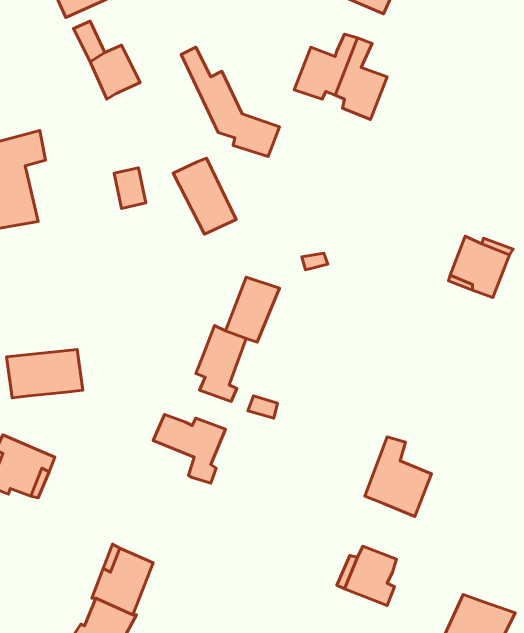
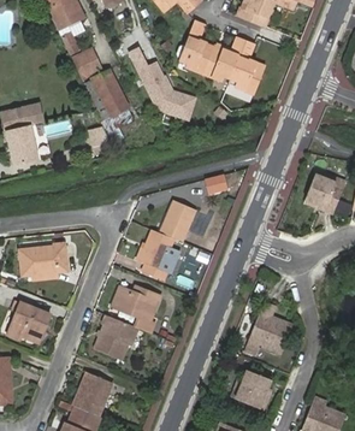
building: none -> [182,23,215,76]
building: [173,158,236,234] -> [89,69,130,118]
building: none -> [96,315,138,359]

